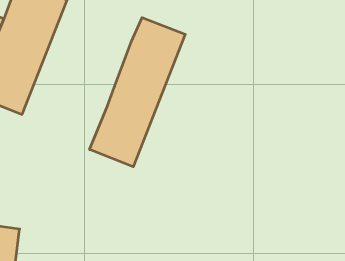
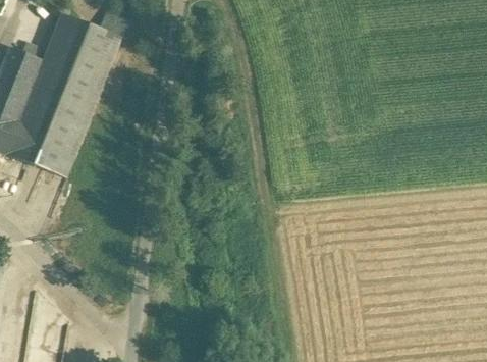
building: [90,18,185,167] -> none

